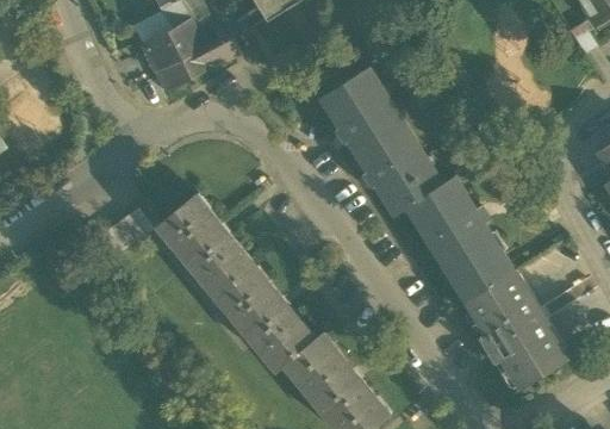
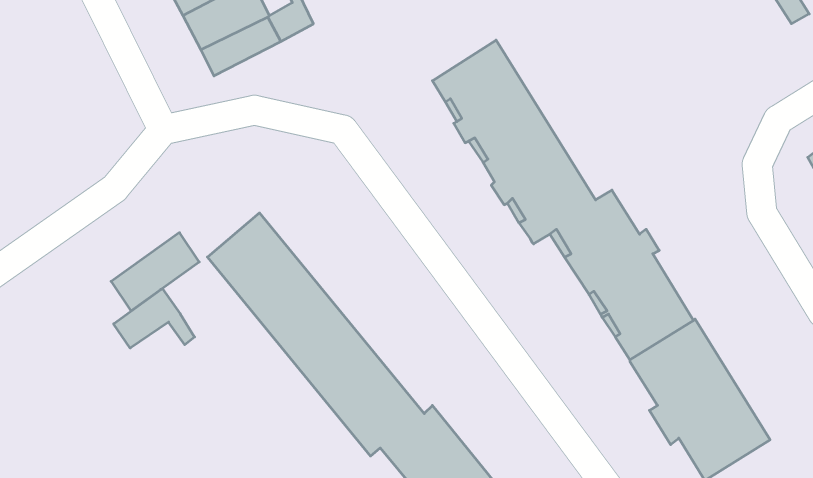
building: none -> [114,289,195,348]

